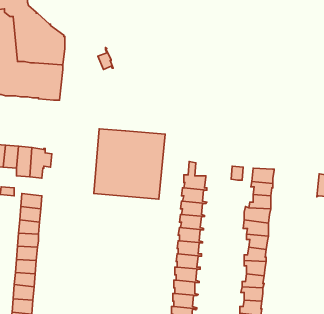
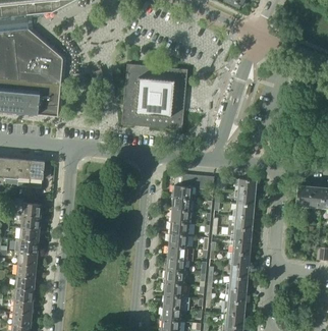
building: [94,129,165,199] -> [121,64,187,129]

